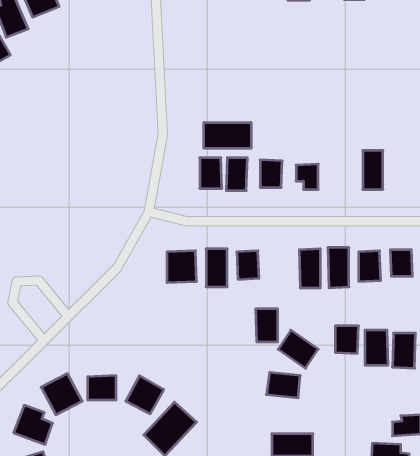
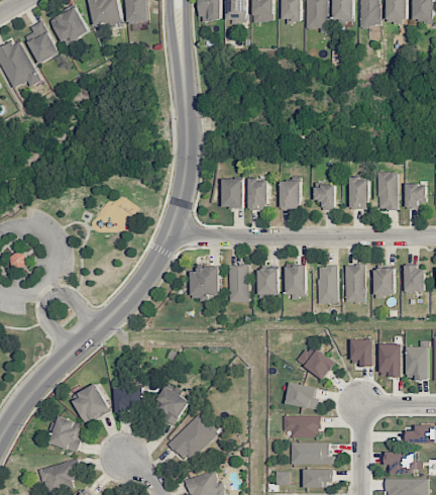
building: [204,122,251,148] -> none
building: none -> [349,178,368,209]
building: none -> [405,184,426,209]
building: [256,309,278,342] -> [285,266,306,297]
building: none -> [283,416,320,438]

